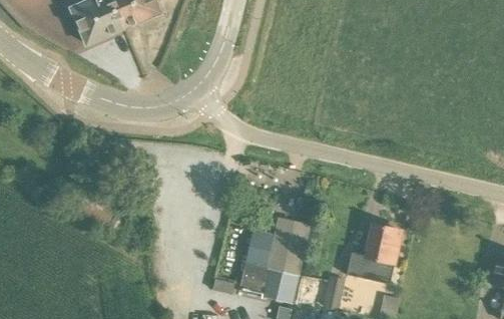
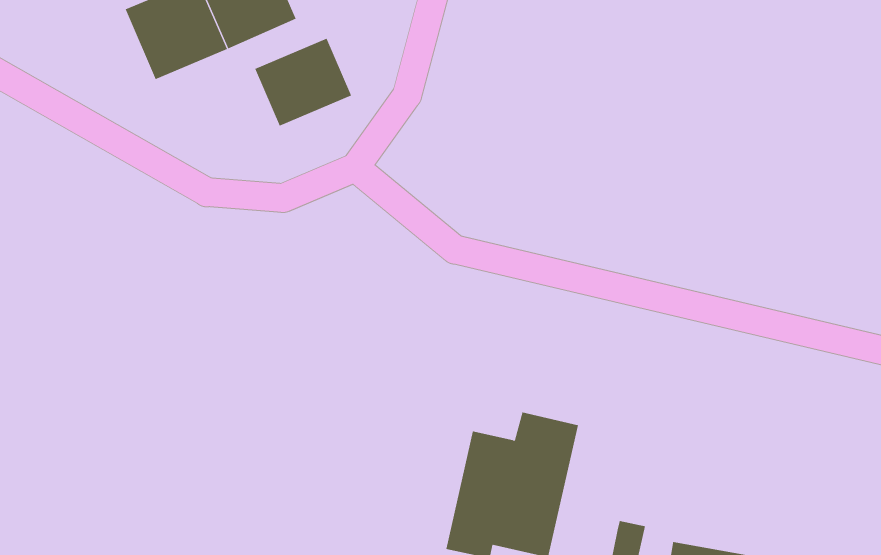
building: none -> [255,38,352,126]
building: [347,222,400,283] -> none

